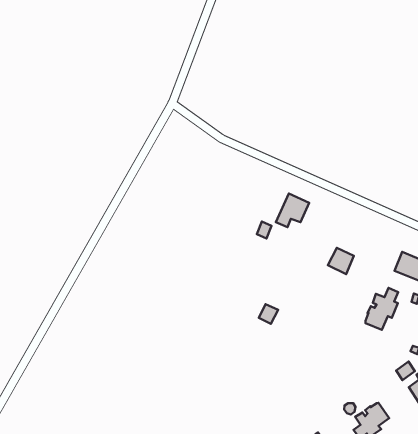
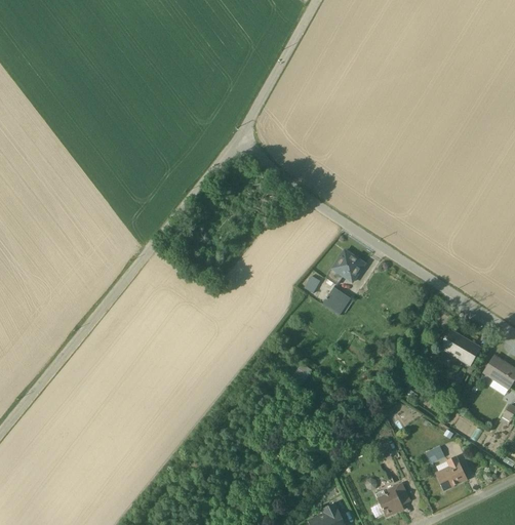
building: [328,248,354,274] -> [322,287,351,316]
building: [366,288,398,330] -> none

